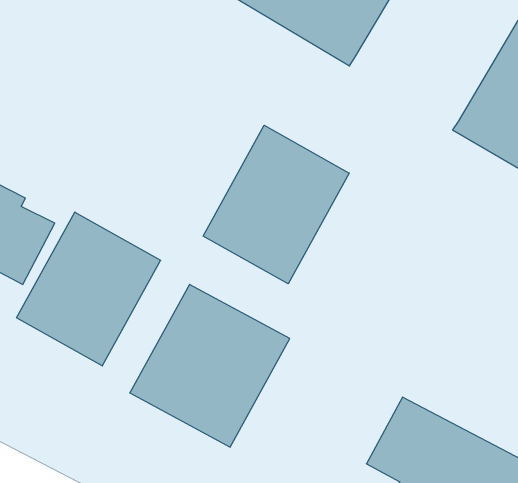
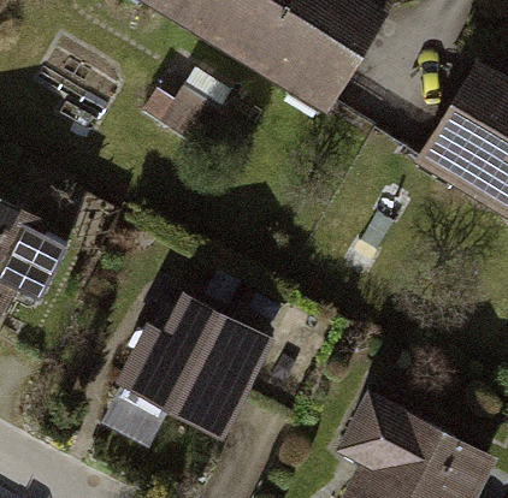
building: [203,125,349,284] -> none
building: [17,212,161,366] -> none

